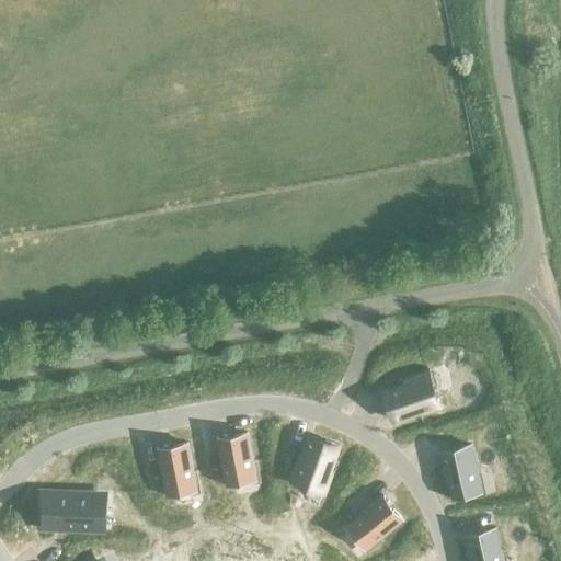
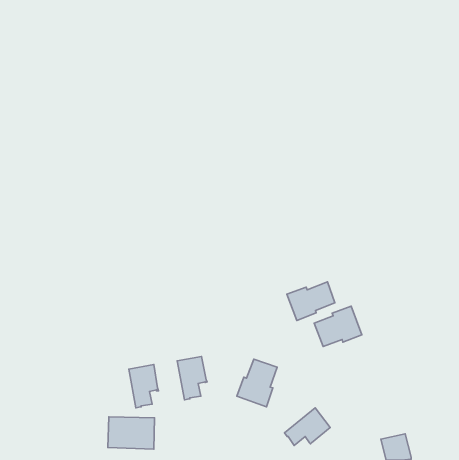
building: none -> [287,282,335,321]
building: [440,445,478,499] -> none
building: [38,493,95,533] -> [108,417,155,449]

